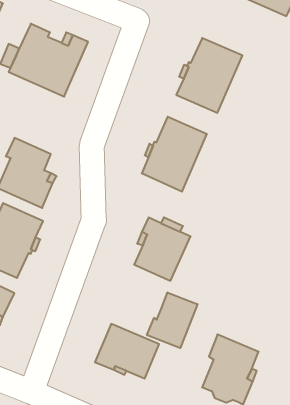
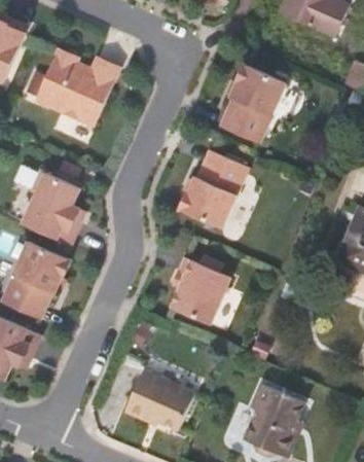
building: [147,292,197,348] -> none

